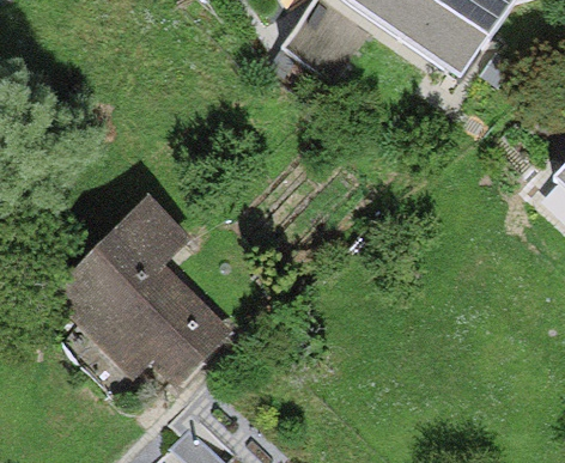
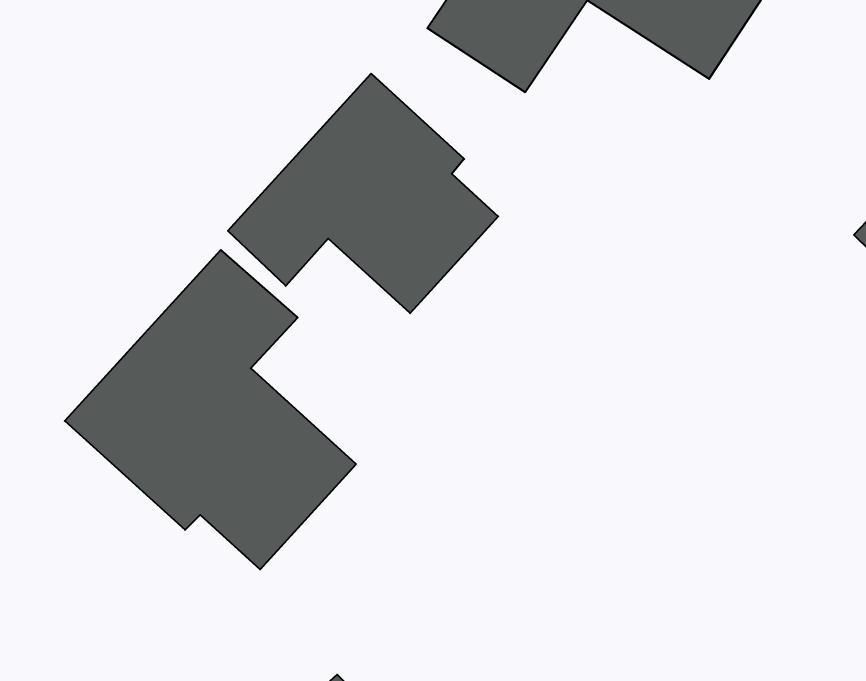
building: none -> [228,74,498,313]

